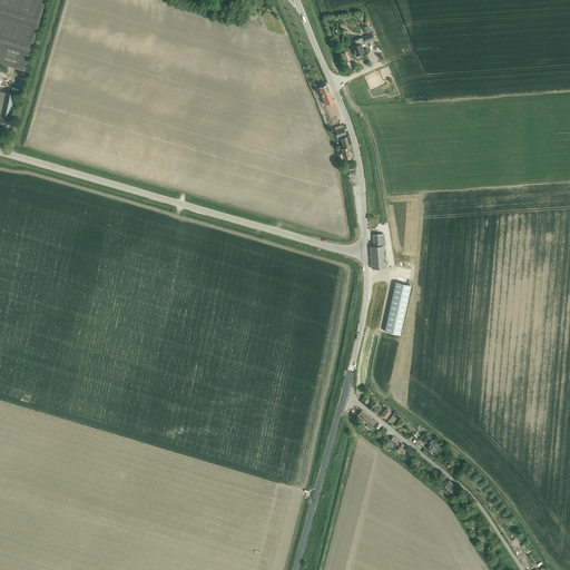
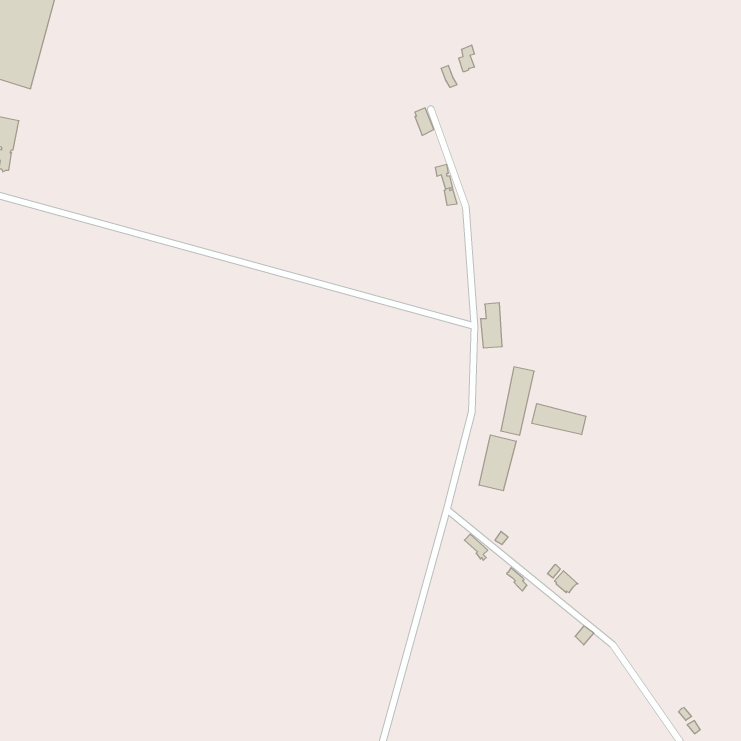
building: none -> [532,404,586,435]
building: none -> [479,435,516,491]

